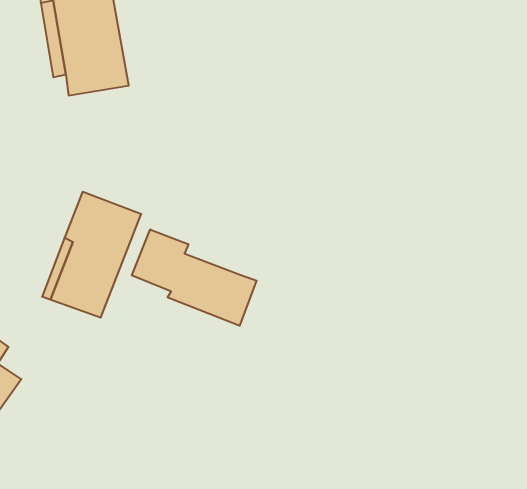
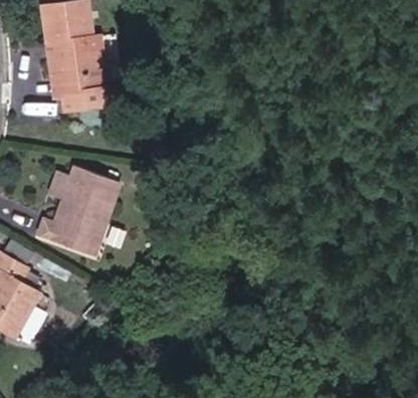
building: [132,229,257,326] -> none

